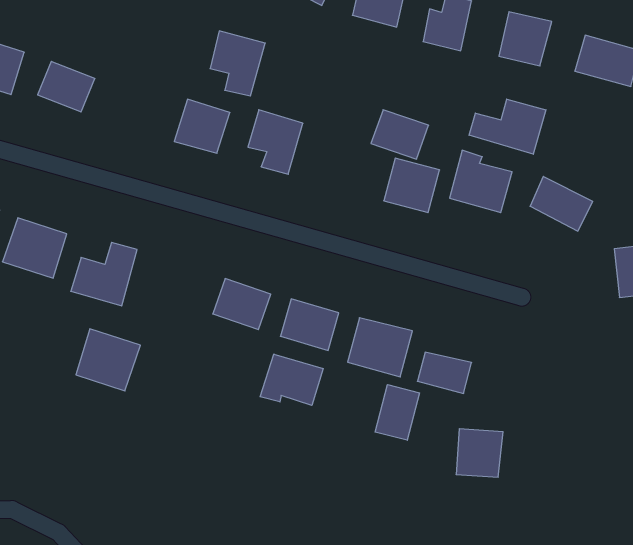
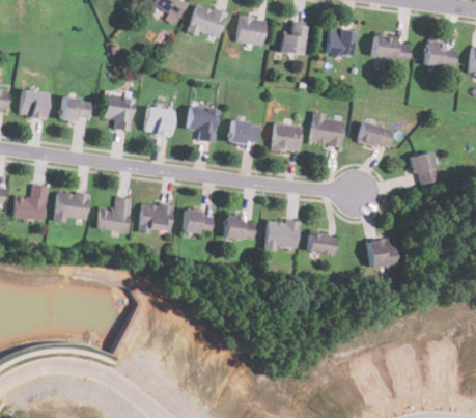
building: [210,31,265,96] -> [104,94,134,130]
building: [469,99,546,154] -> none
building: [371,110,429,159] -> [229,119,261,145]
building: [76,329,140,391] -> [139,201,174,234]
building: [260,354,323,405] -> none
building: [375,385,420,440] -> none
building: [456,429,503,477] -> [368,238,395,267]

